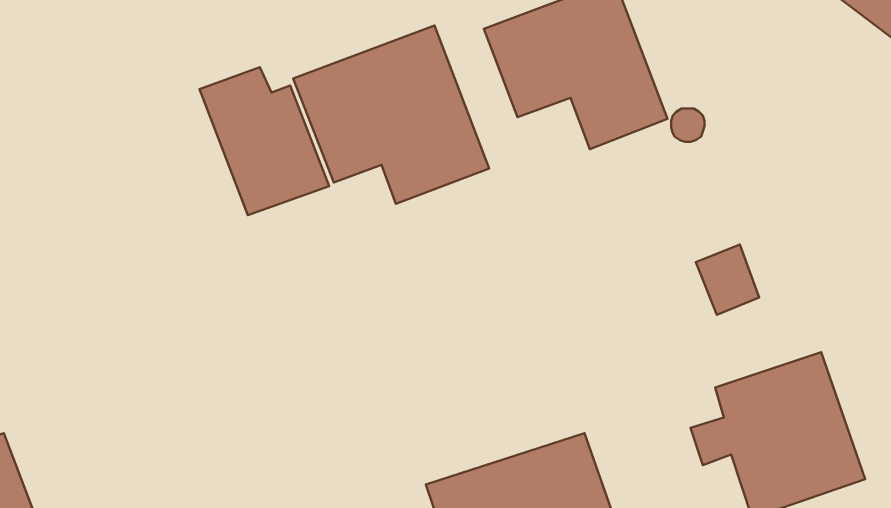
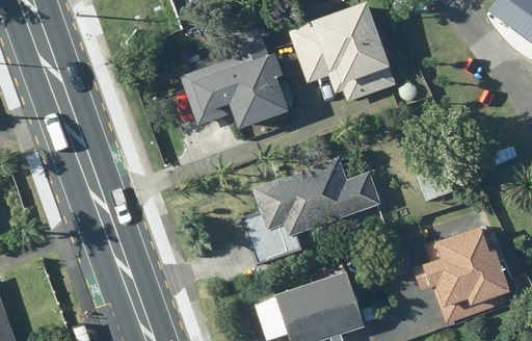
building: [200,67,329,215] -> none
building: none -> [245,160,385,262]

